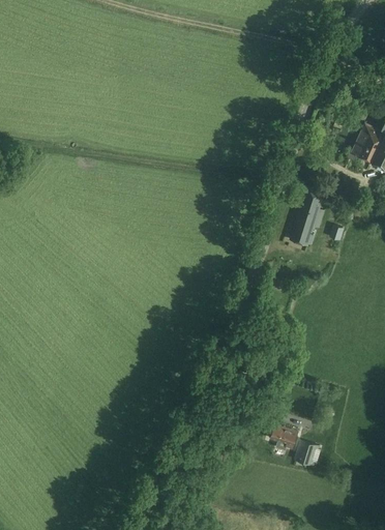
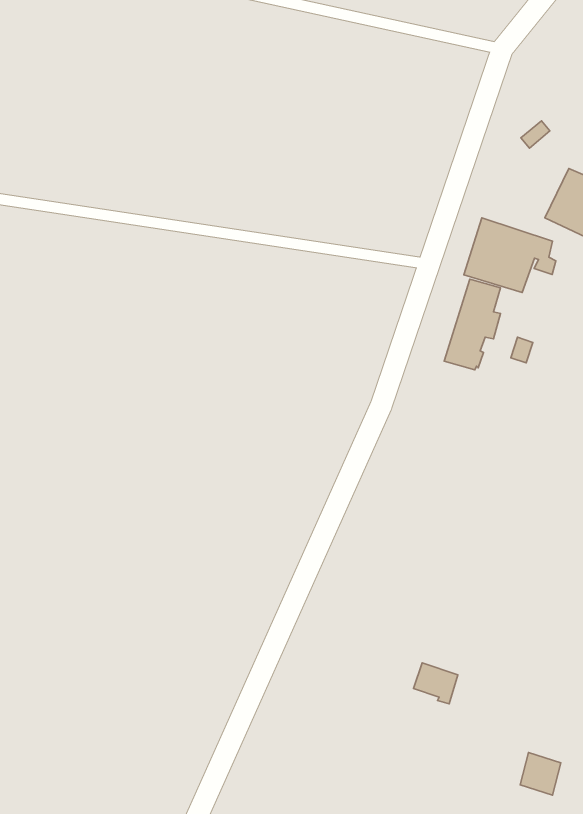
building: none -> [464,218,556,292]
building: [295,440,320,466] -> [520,752,561,795]

